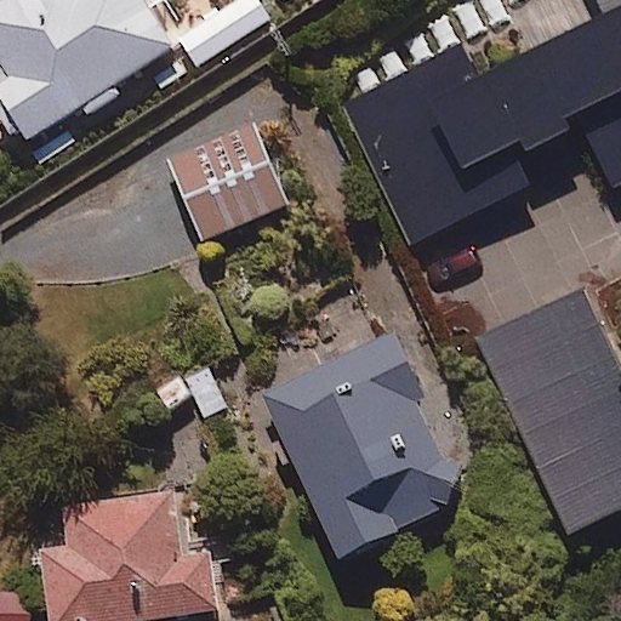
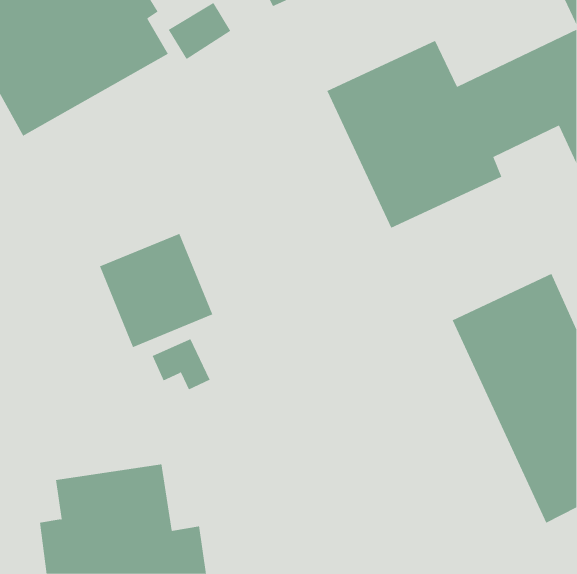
building: [165,116,285,238] -> [99,233,213,348]
building: [261,329,466,563] -> none

